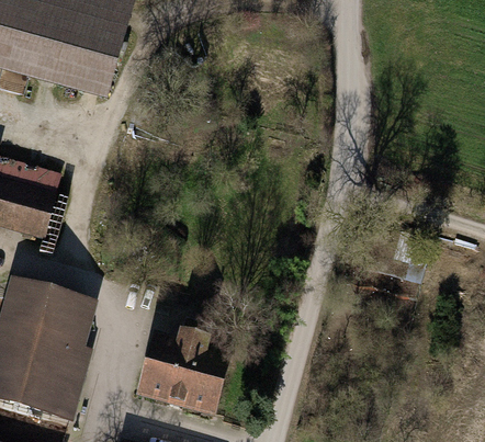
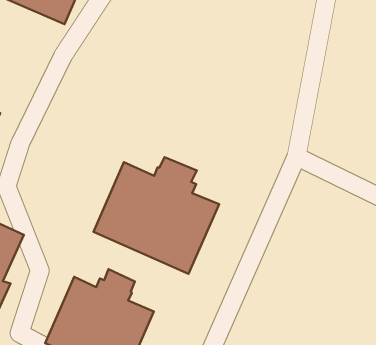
building: none -> [93,157,219,274]

